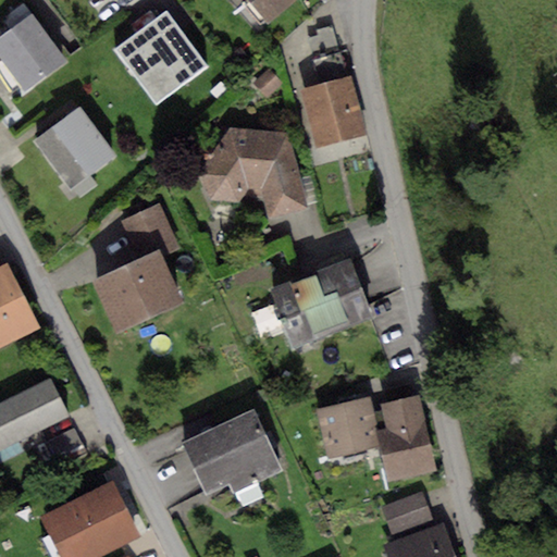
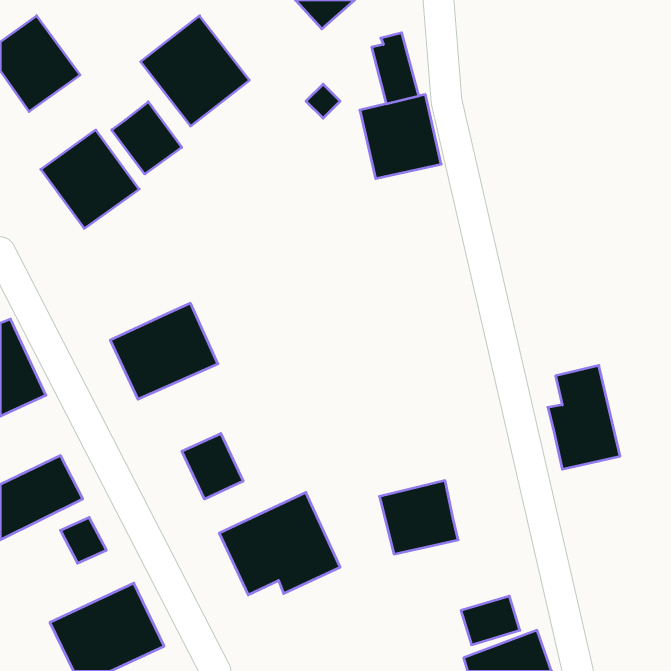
building: none -> [112,102,182,174]
building: [197,127,306,219] -> none
building: [121,205,176,260] -> none
building: [270,261,370,351] -> none
building: none -> [182,433,243,499]
building: [375,395,435,481] -> [548,365,620,469]

